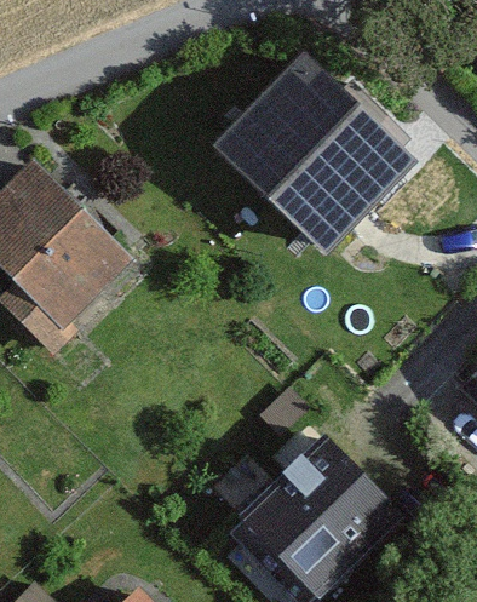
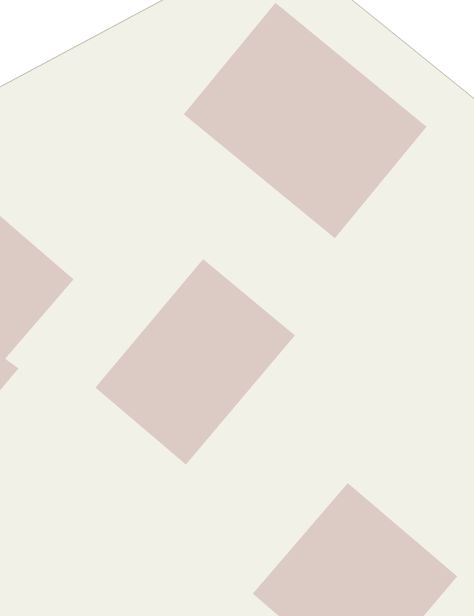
building: none -> [95,258,296,465]

